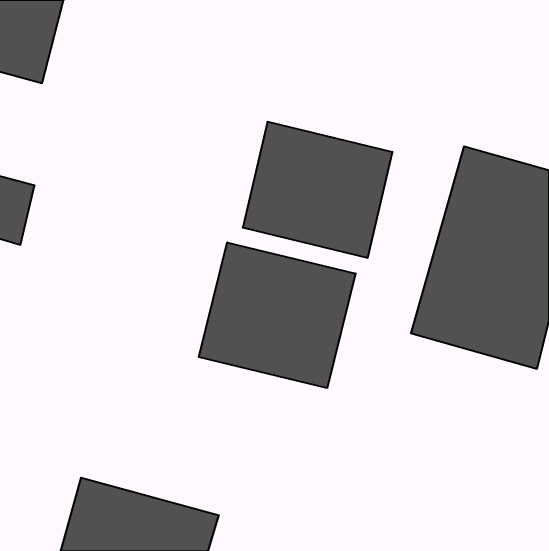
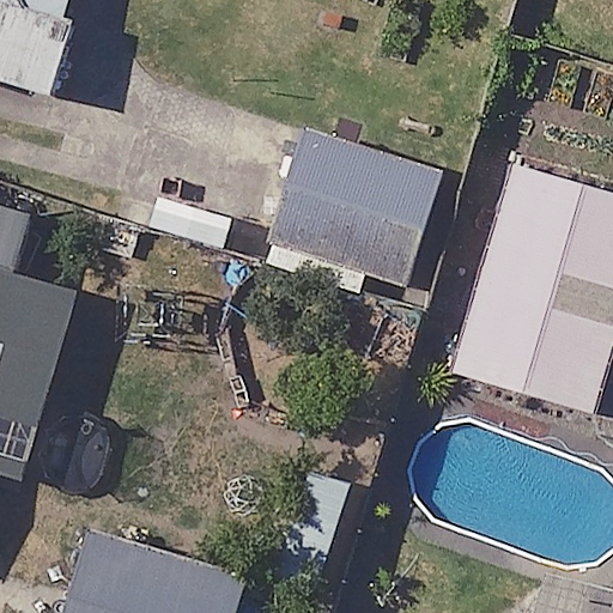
building: [199,242,356,388] -> none

